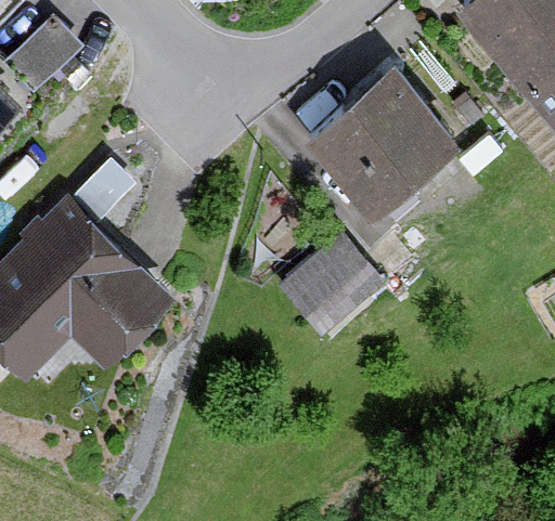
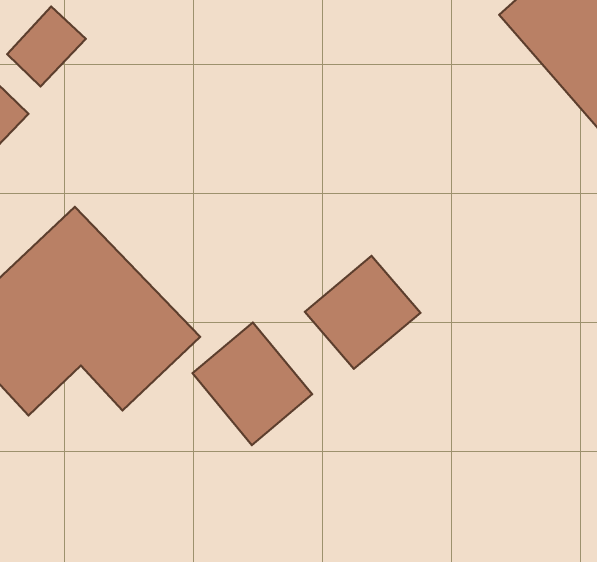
building: [308,68,464,223] -> none
building: none -> [192,322,312,445]

